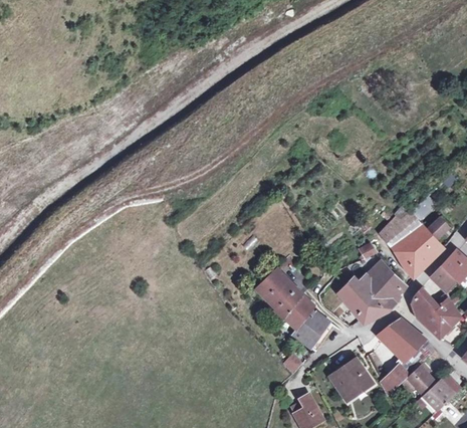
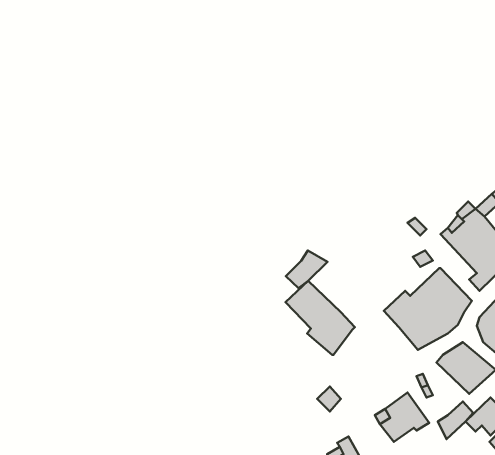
building: none -> [286,250,327,288]
building: [291,307,334,351] -> none

